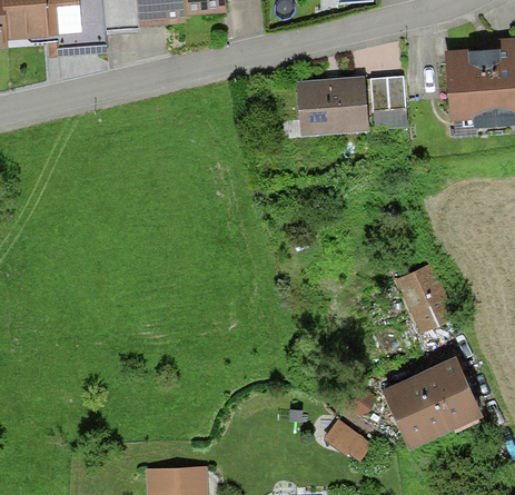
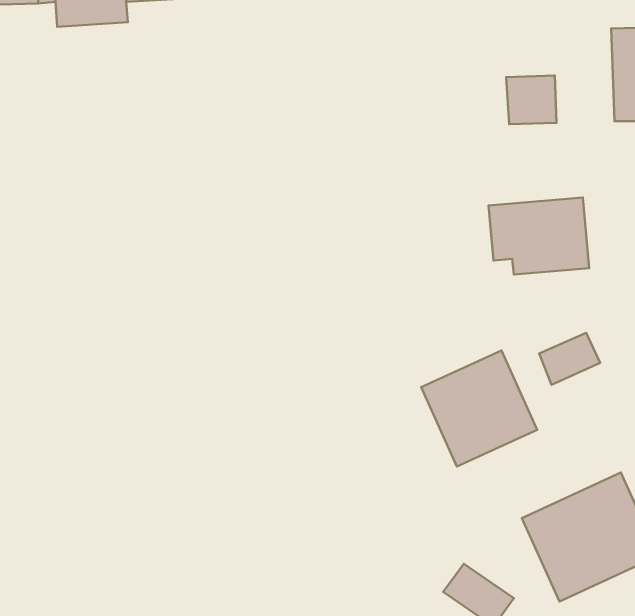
building: [295,72,366,127] -> [489,198,589,274]
building: none -> [421,351,537,466]
building: [404,283,453,329] -> none

